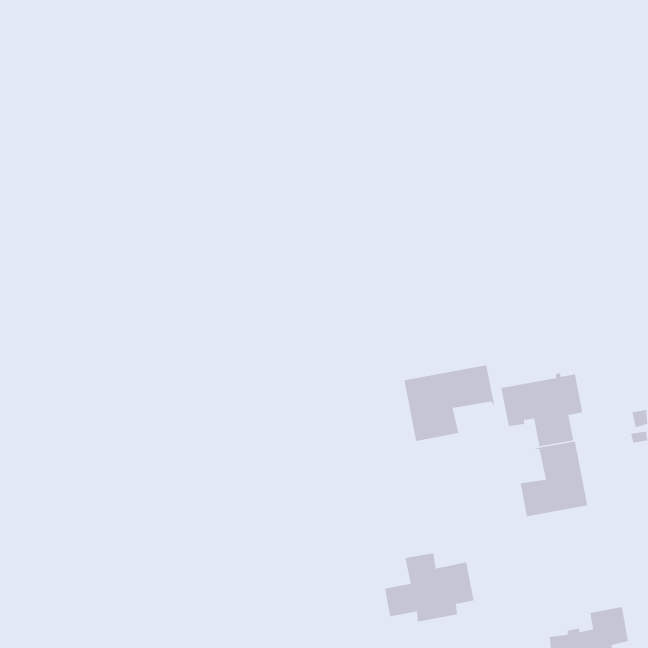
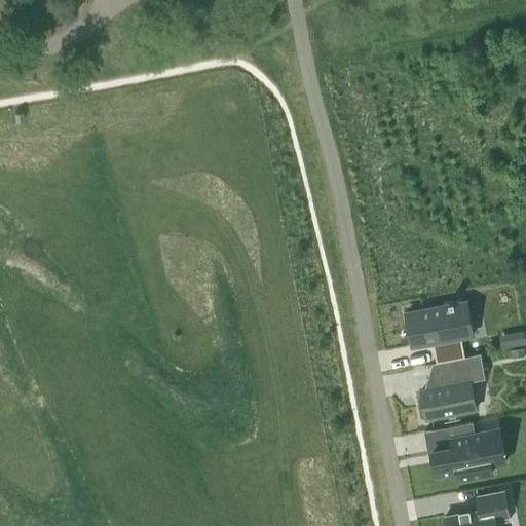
building: [403,365,495,442] -> none
building: [384,553,474,622] -> [431,423,504,480]

